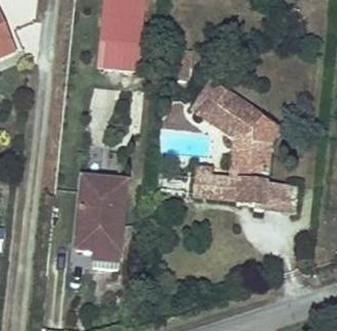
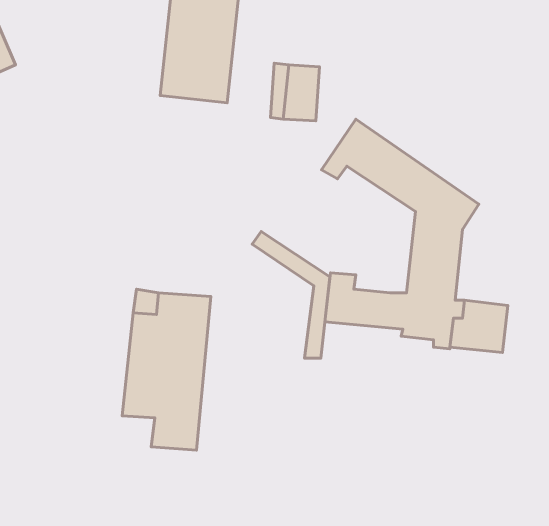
building: [200,106,244,178] -> [252,231,330,358]

